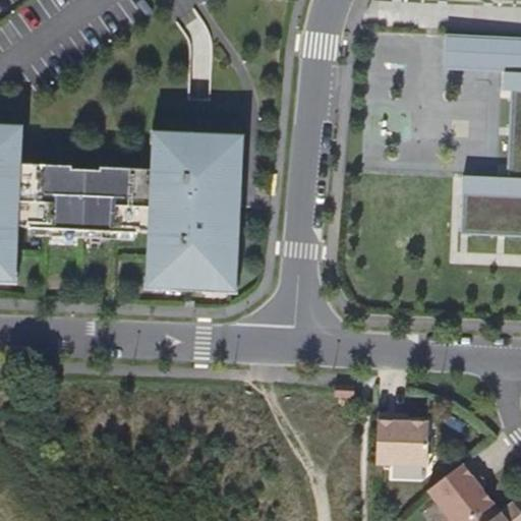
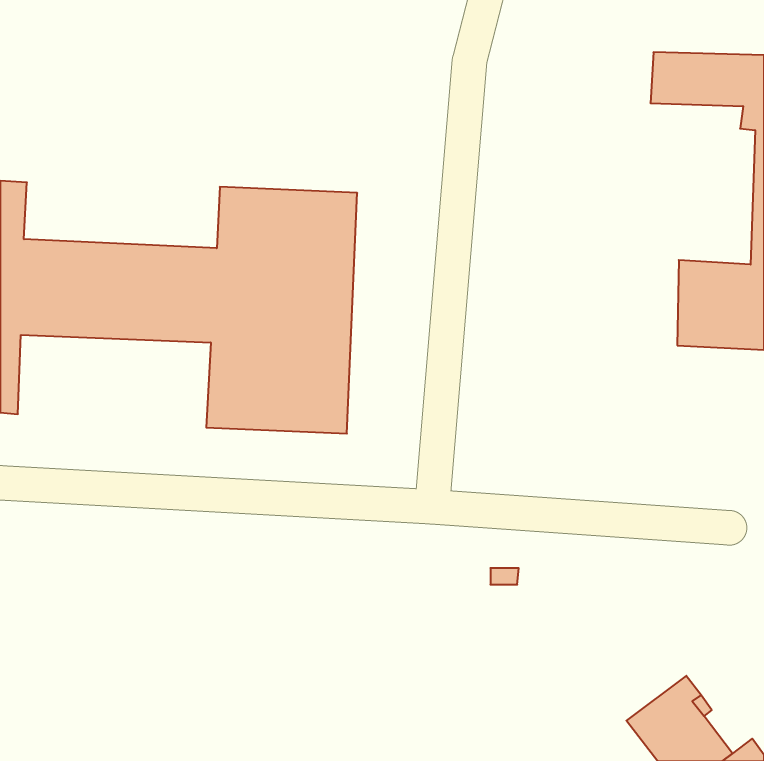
building: [375,415,427,464] -> none

